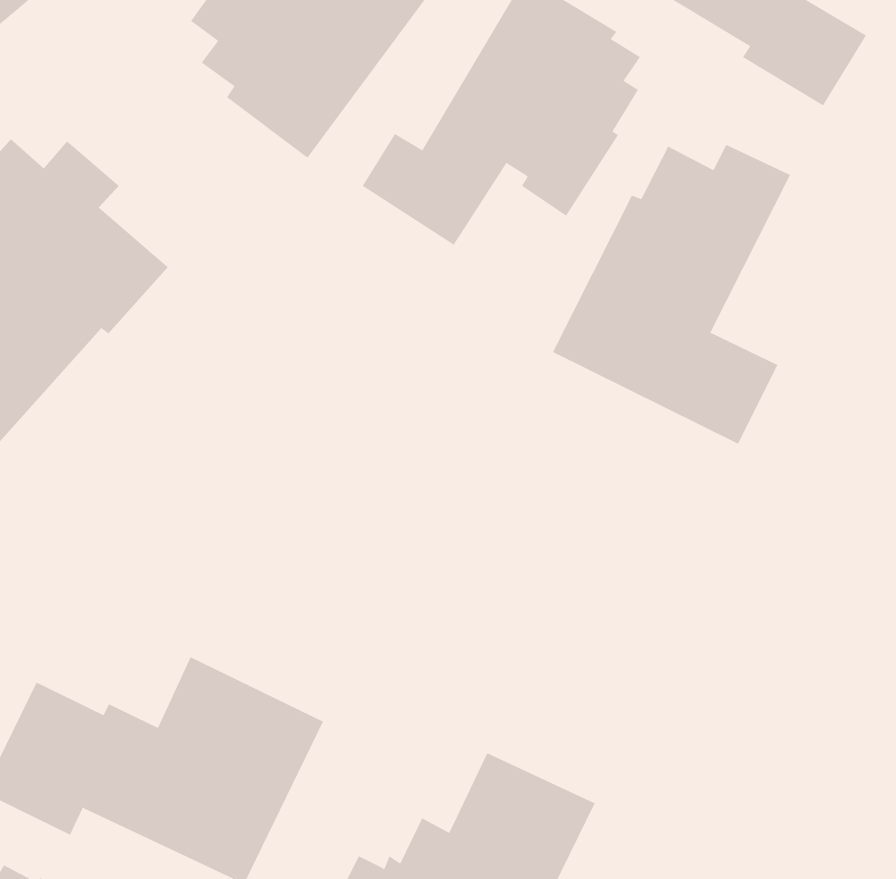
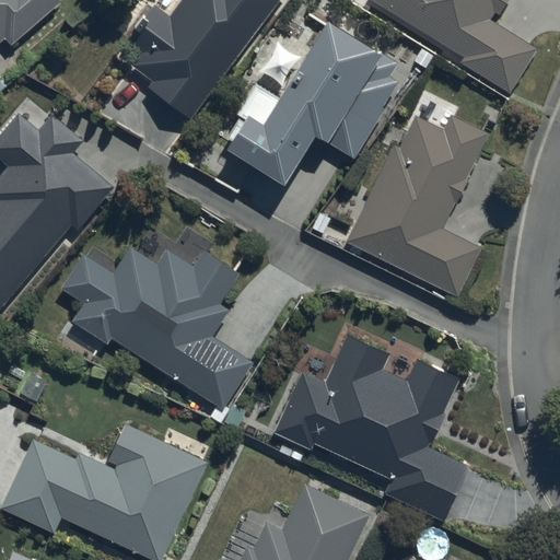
building: none -> [60,247,253,410]
building: none -> [276,332,466,518]

